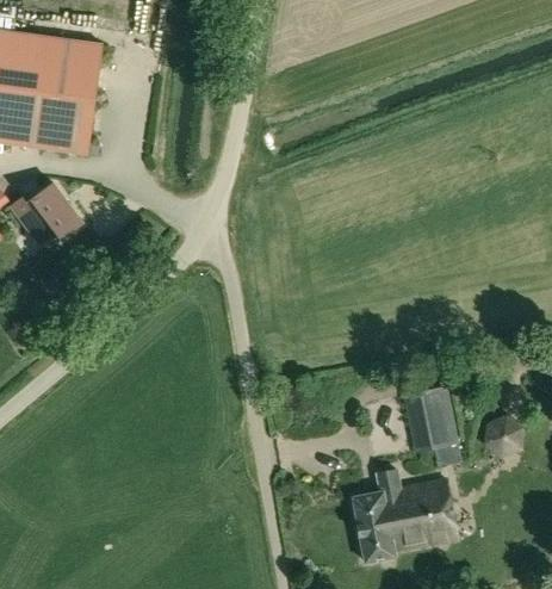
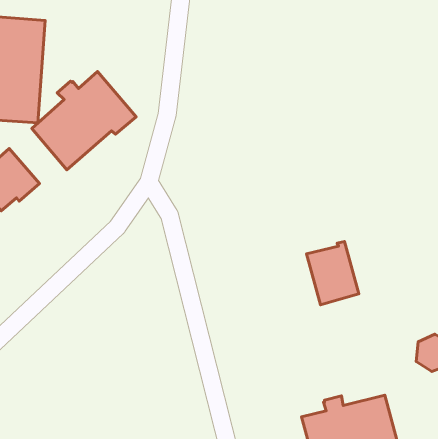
building: none -> [32,71,136,170]
building: [403,385,458,453] -> [306,242,359,305]

